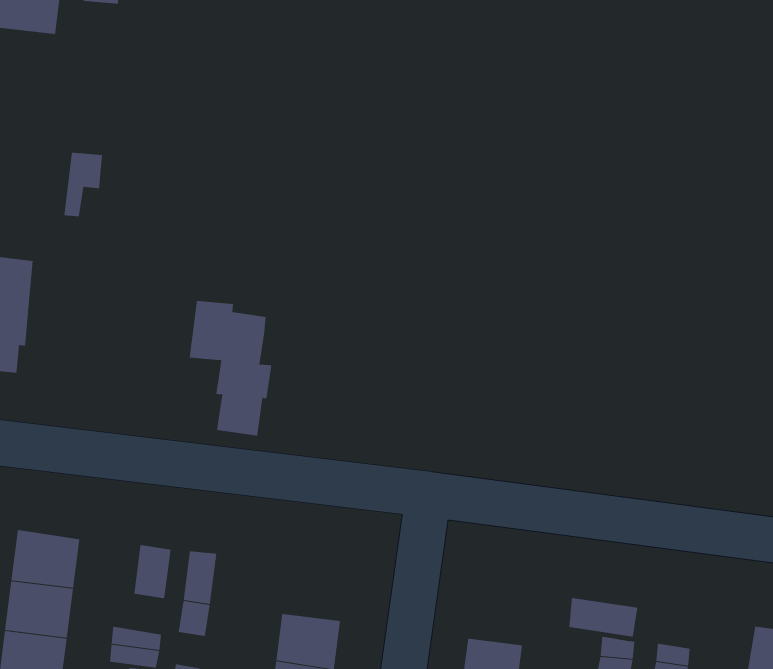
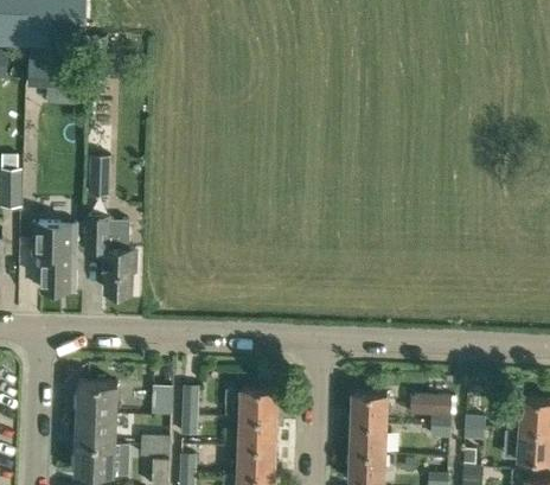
building: [189,300,272,436] -> [85,216,135,293]
building: none -> [241,390,277,420]
building: none -> [352,394,386,425]

